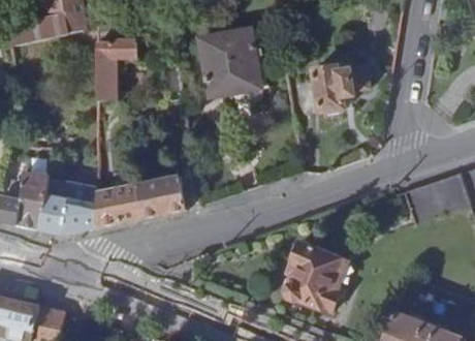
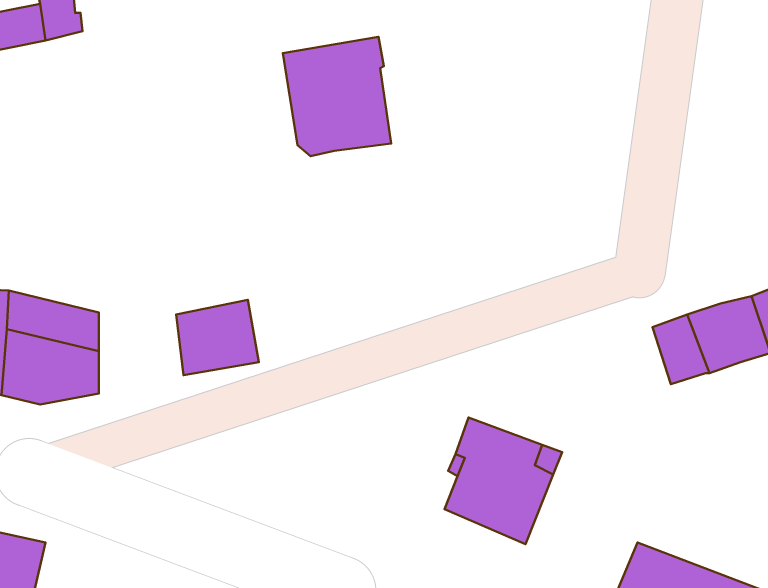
building: [95,37,135,100] -> none
building: [313,63,369,113] -> none
building: [94,184,141,228] -> none

